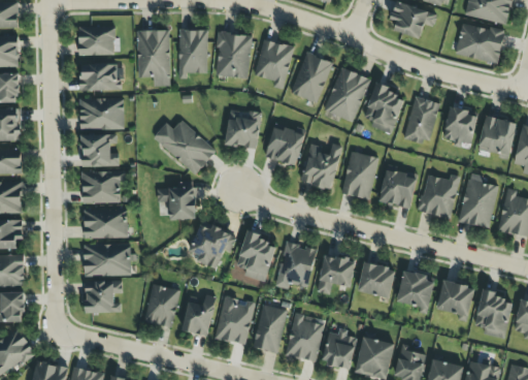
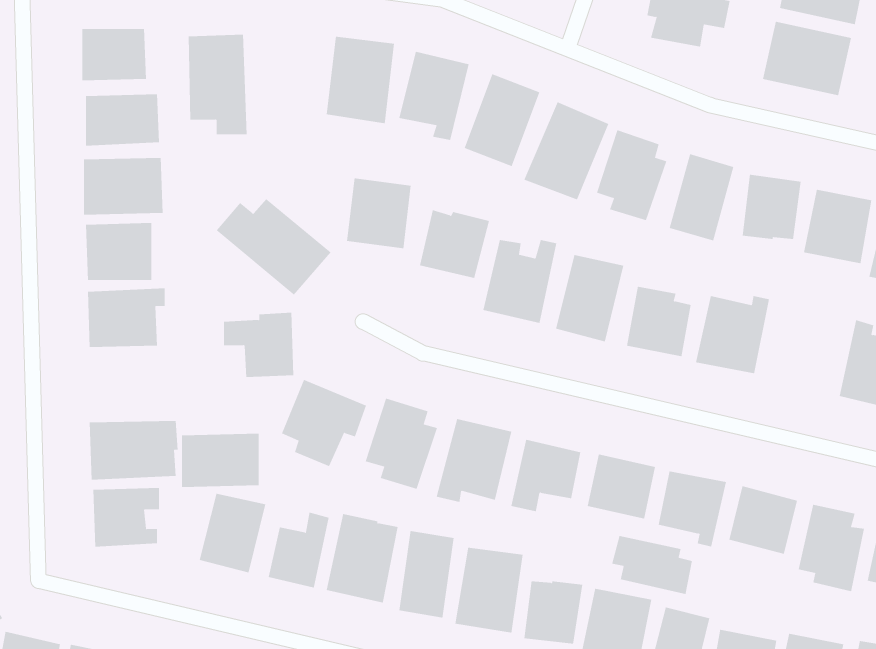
building: [177,29,207,78] -> none
building: [459,172,497,227] -> none
building: [84,209,127,239] -> [181,433,260,487]
building: none -> [612,535,693,595]

